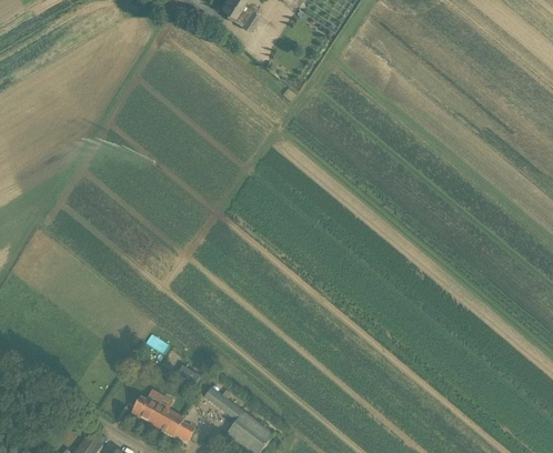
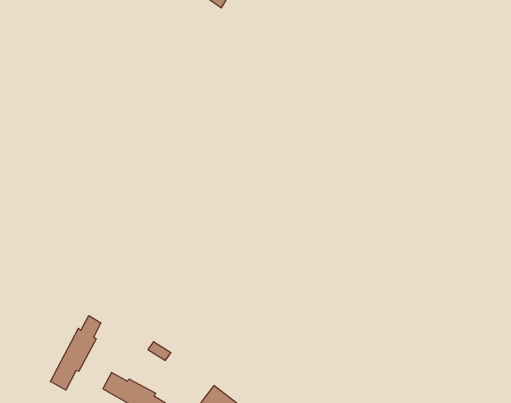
building: none -> [50,316,101,390]

